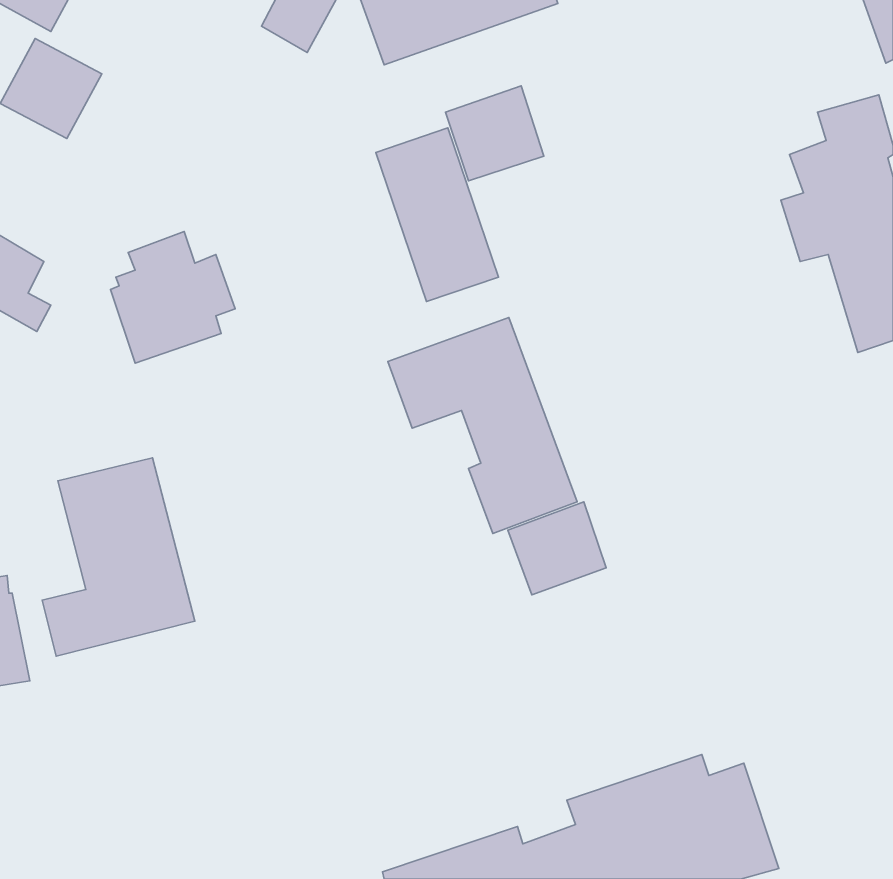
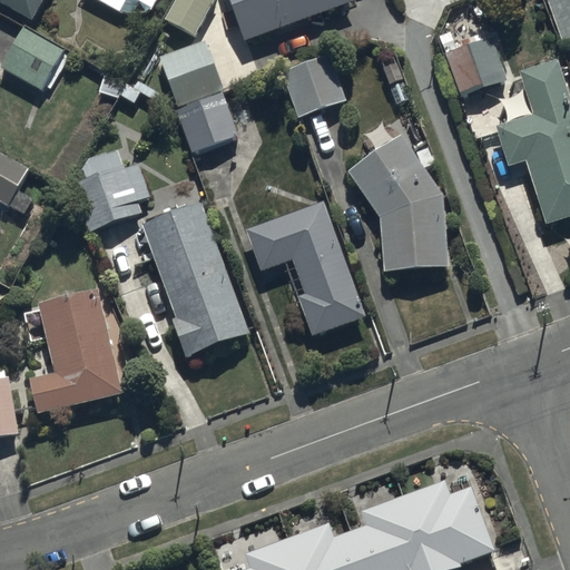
building: none -> [446,37,505,96]
building: [376,128,499,302] -> [158,41,236,151]
building: none -> [348,136,449,273]
building: none -> [141,204,248,356]
building: [508,502,606,595] -> none

